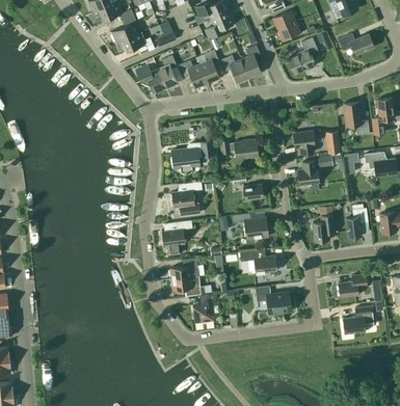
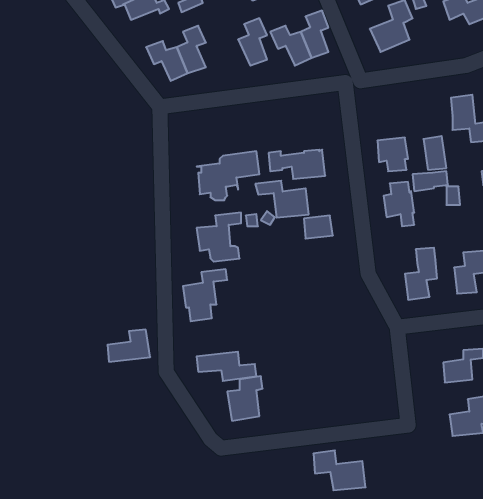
building: [179,60,207,87] -> none
building: [231,213,267,238] -> [255,181,309,218]
building: [239,249,276,273] -> none
building: [169,258,198,279] -> [107,330,150,362]
building: [255,286,290,313] -> [313,450,366,490]

